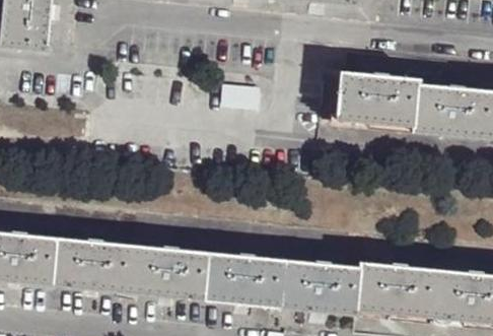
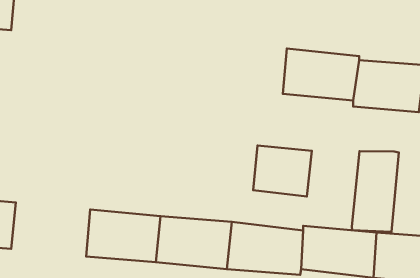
building: none -> [253,145,312,197]
building: none -> [352,151,399,232]
building: [50,237,133,293] -> none

